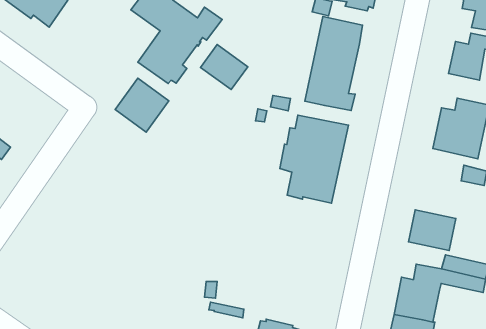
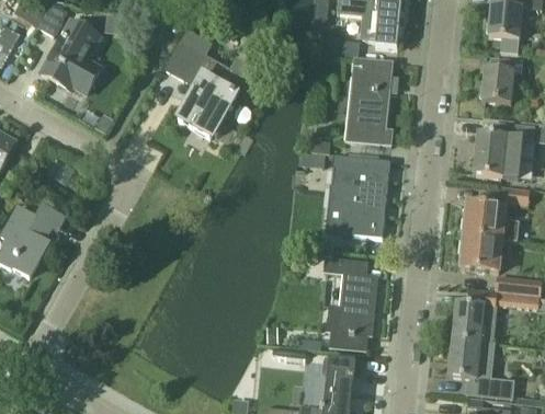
building: [201,45,248,89] -> none
building: [115,78,169,132] -> none
building: none -> [463,202,519,239]
building: none -> [323,256,377,349]

